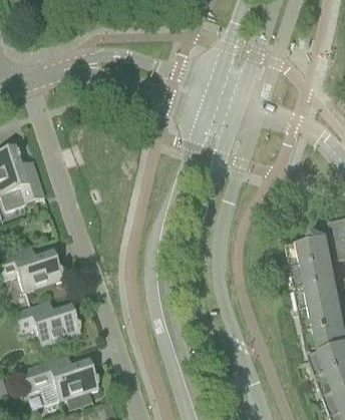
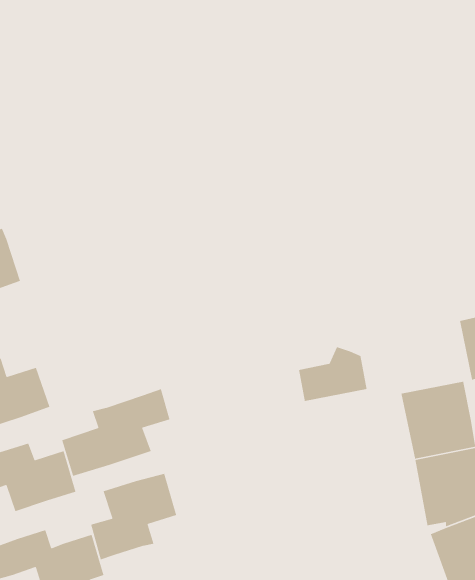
building: [287,233,332,269] -> [298,346,367,402]
building: none -> [61,388,170,477]
building: none -> [90,473,177,561]

